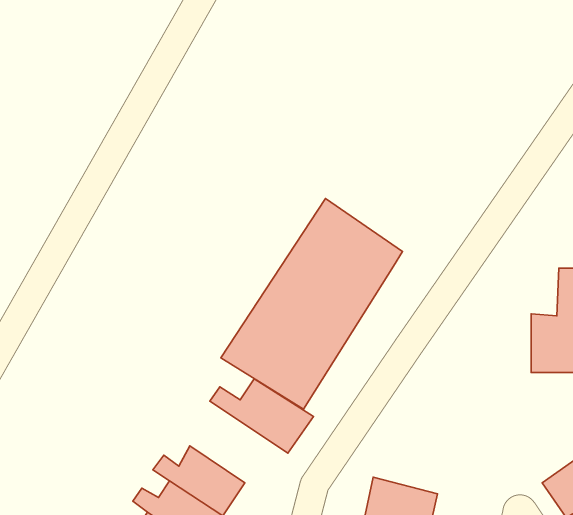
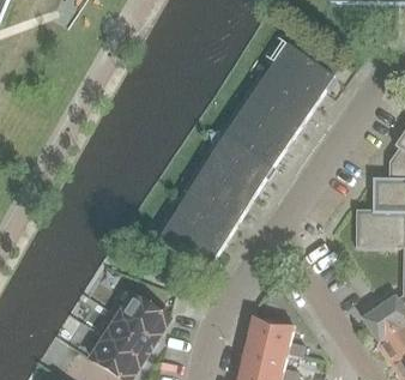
building: none -> [222,38,337,168]
building: [210,379,313,453] -> none

